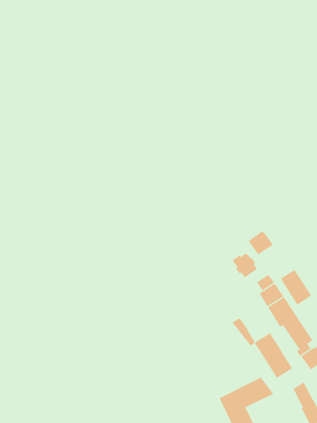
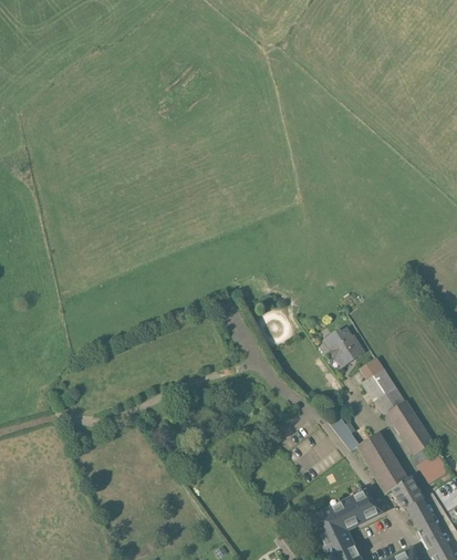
building: [248,231,273,255] -> none
building: [280,269,312,305] -> none
building: none -> [392,478,422,508]

